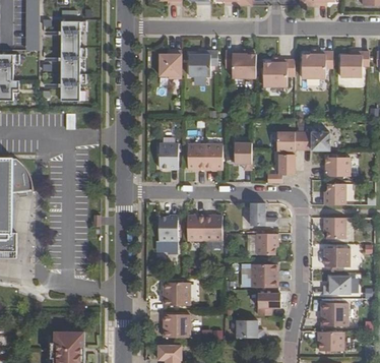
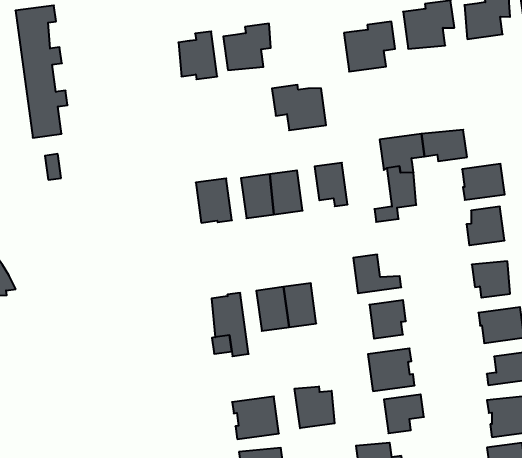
building: [225,50,255,77] -> [272,85,326,130]
building: none -> [295,386,335,428]

